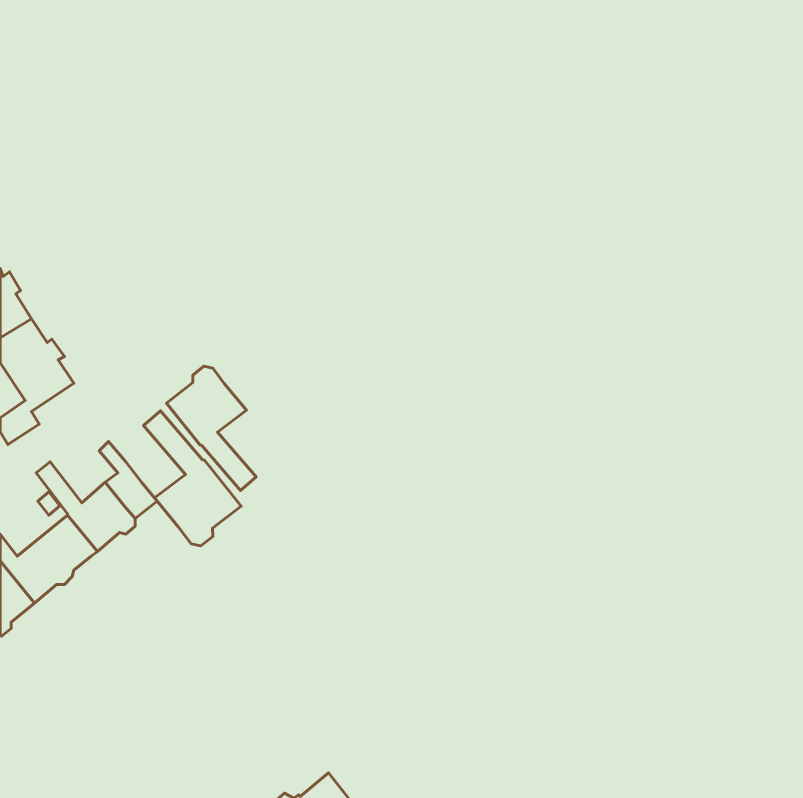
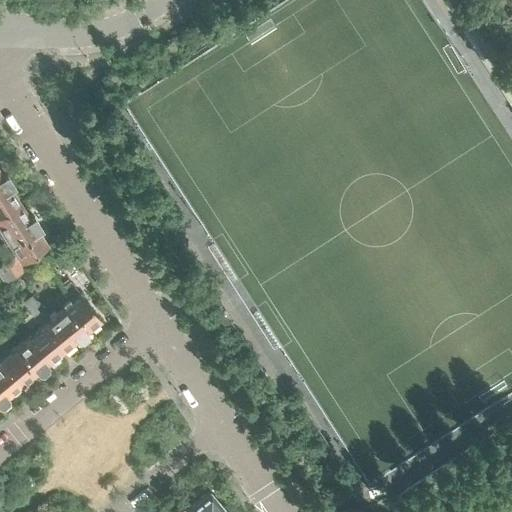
building: [166,366,256,490] -> none
building: [144,411,241,546] -> none

